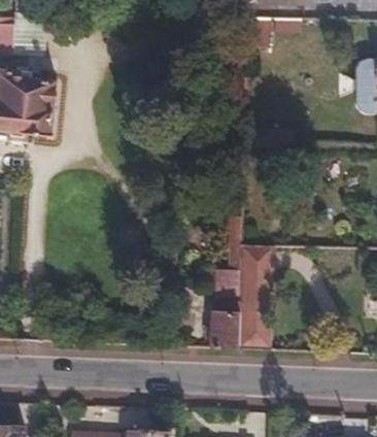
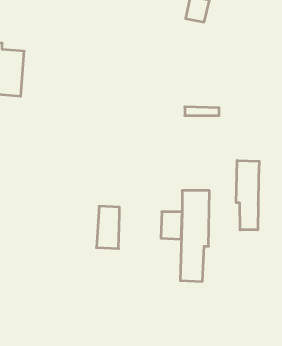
building: none -> [236,160,259,230]
building: [210,300,237,349] -> [96,206,119,249]

